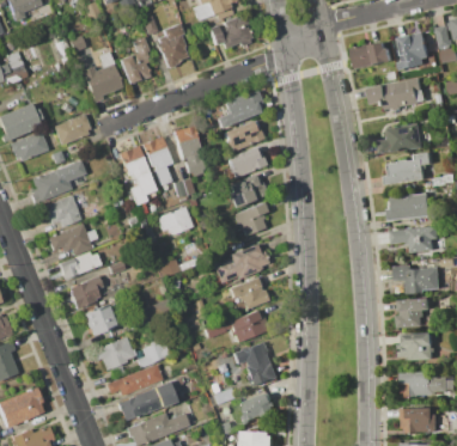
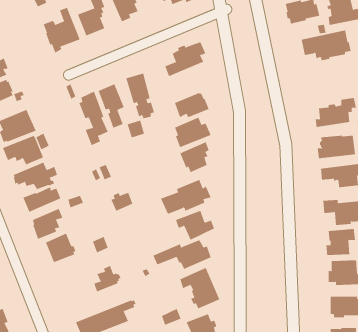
building: [54,114,91,146] -> none
building: [224,120,264,152] -> none
building: [377,123,421,153] -> none
building: [156,206,194,234] -> none
building: [92,336,136,371] -> none
building: [106,363,163,397] -> none

